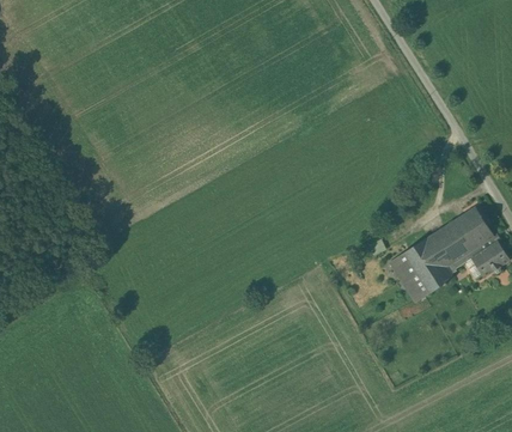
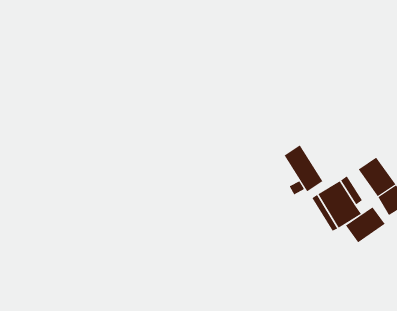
building: none -> [284,144,323,192]
building: none -> [345,207,385,243]

